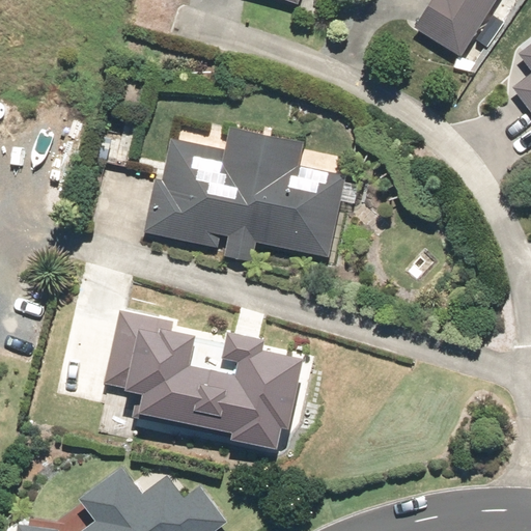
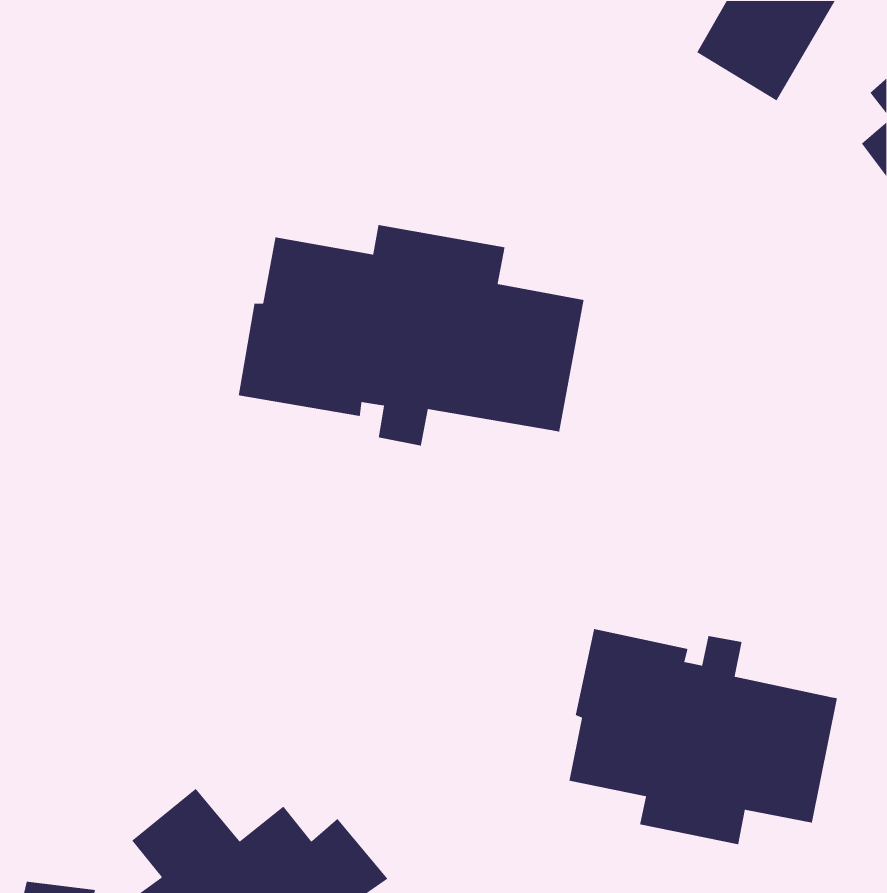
building: [110,312,303,444] -> none
building: none -> [569,628,838,845]

